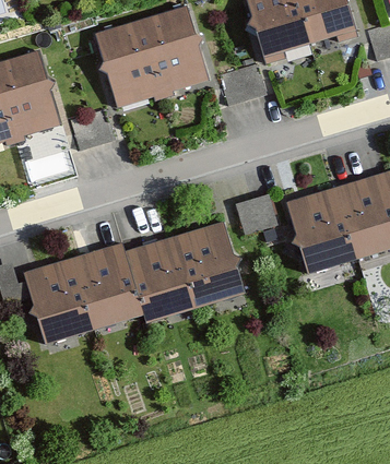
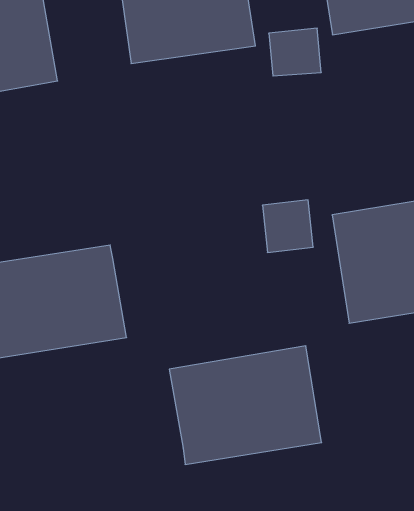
building: [123,223,246,324] -> [169,346,322,464]

